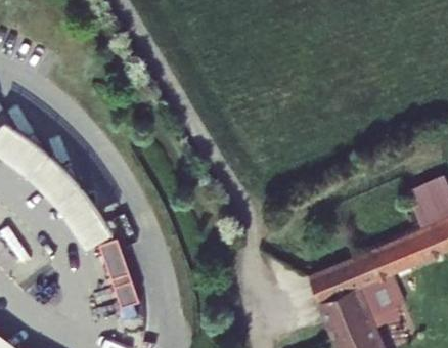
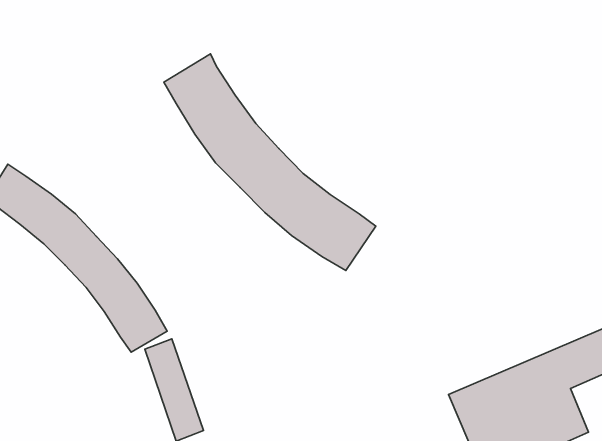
building: none -> [164,54,376,271]

